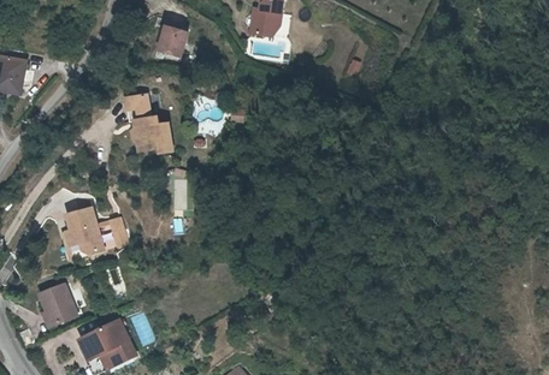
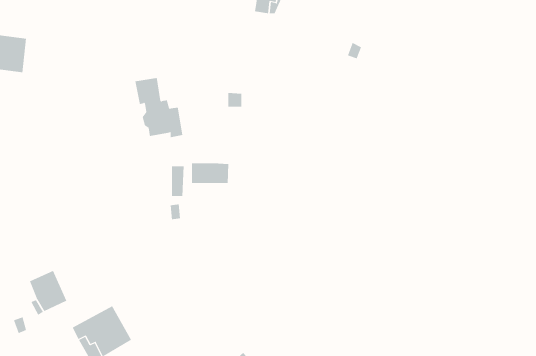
building: [160,25,189,56] -> none
building: none -> [192,162,229,184]
building: [61,213,99,263] -> none

